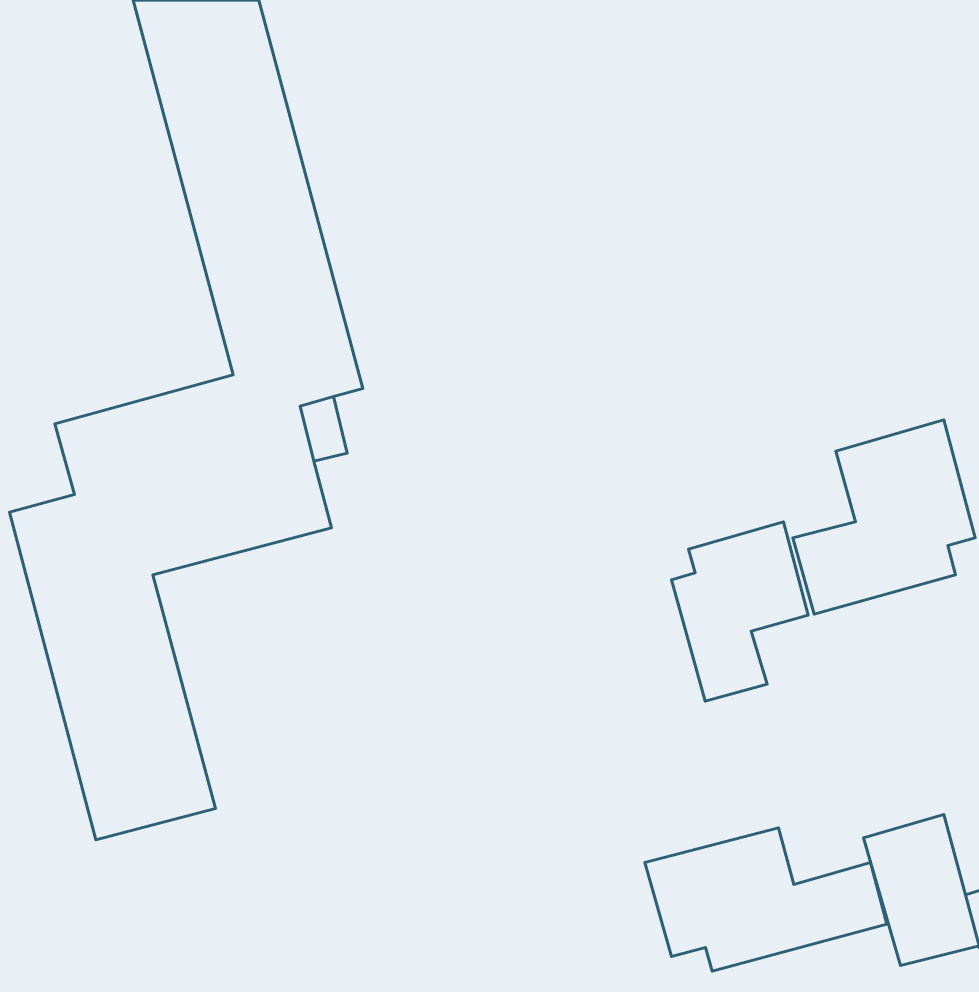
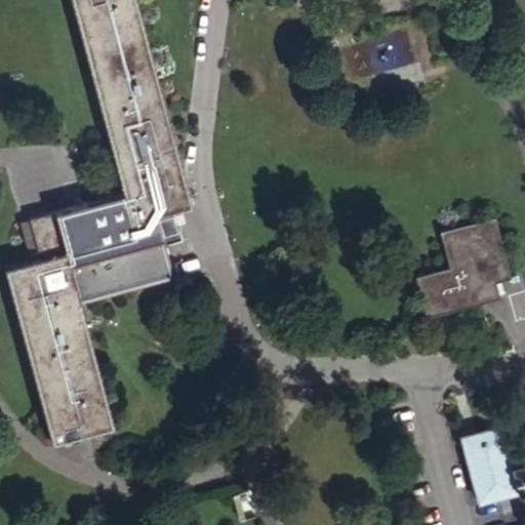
building: [671,522,808,701] -> none
building: [645,828,887,971] -> none

